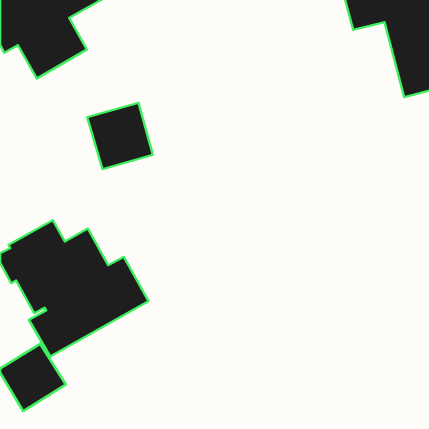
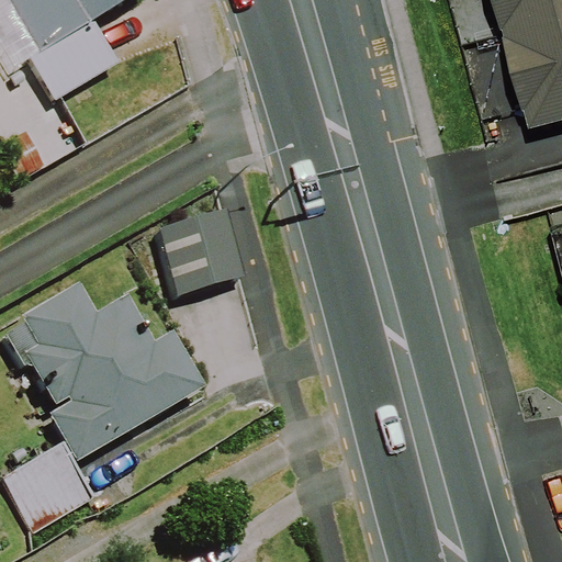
building: [87,103,153,169] -> [158,206,243,292]

